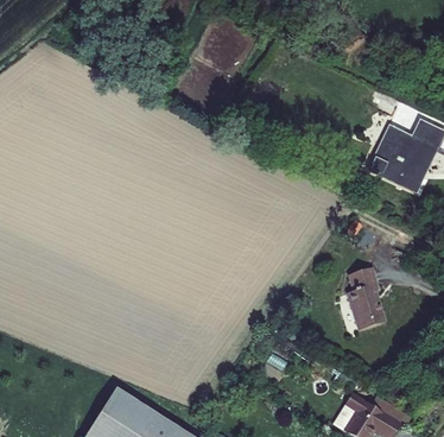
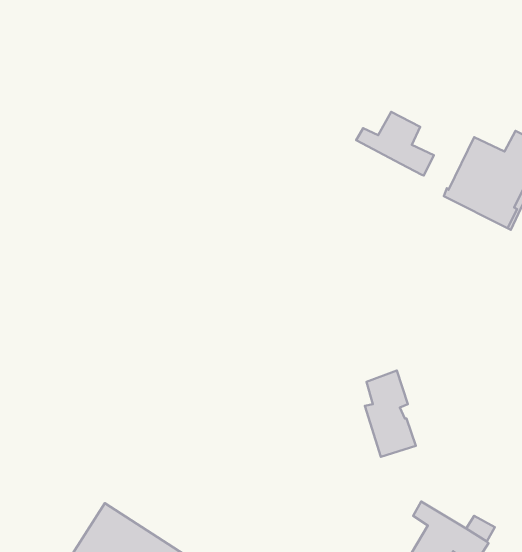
building: none -> [356,112,434,175]
building: [347,268,385,332] -> [365,371,416,457]

